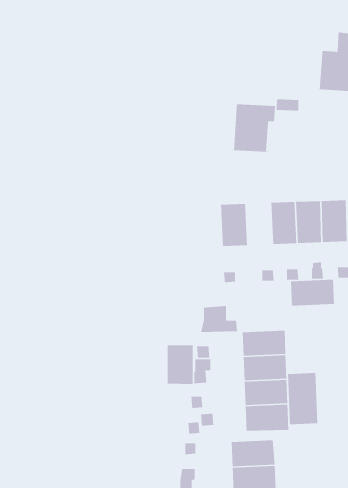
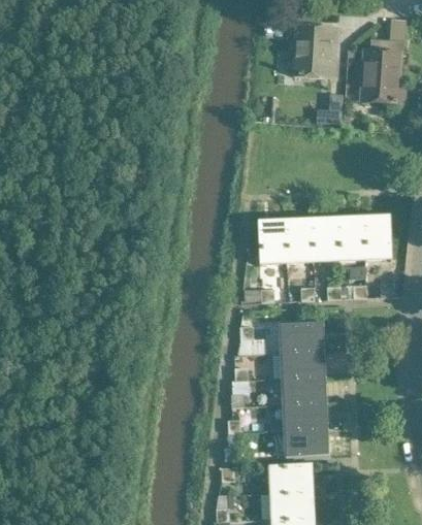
building: [233,103,276,153] -> [293,26,337,77]
building: none -> [284,217,312,262]
building: [290,279,335,307] -> [279,323,325,352]
building: [167,344,193,385] -> none
building: [287,372,318,425] -> none

